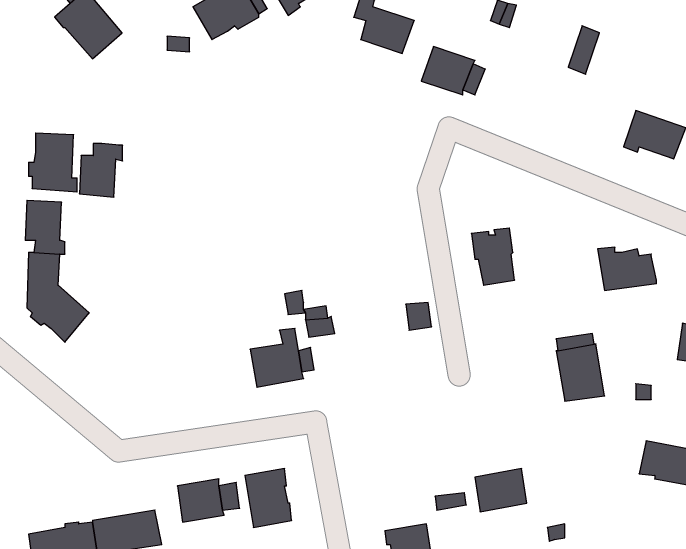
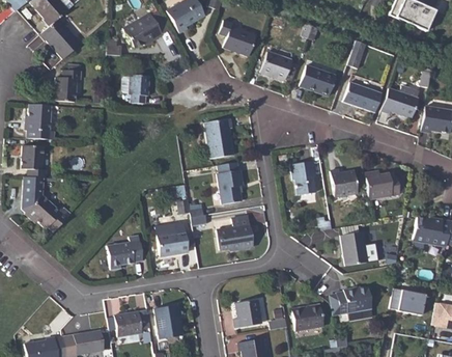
building: none -> [299,65,335,97]
building: none -> [129,75,149,103]
building: none -> [342,82,380,113]
building: [79,144,123,197] -> [54,70,80,102]
building: none -> [205,118,233,158]
building: none -> [217,162,243,203]
building: none -> [330,170,357,197]
building: none -> [216,215,252,249]
building: none -> [106,236,141,270]
building: none -> [335,286,370,314]
building: none -> [233,300,261,328]

